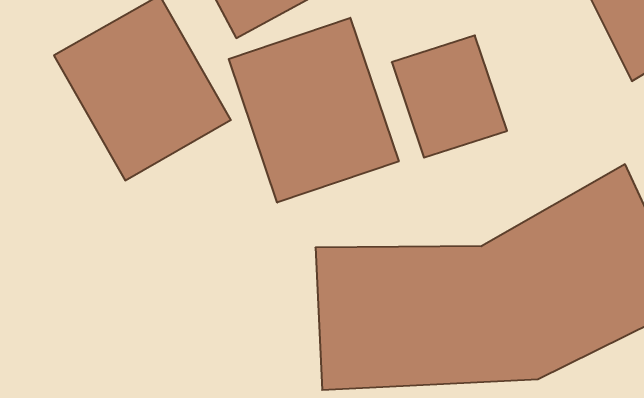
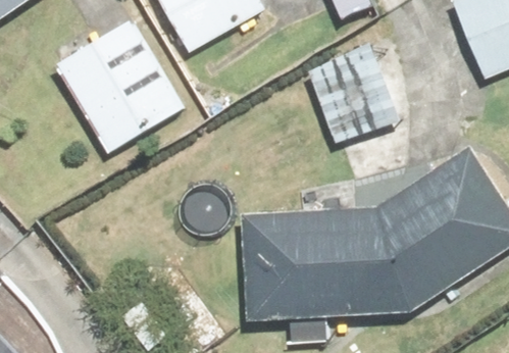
building: [229,18,399,203] -> none

